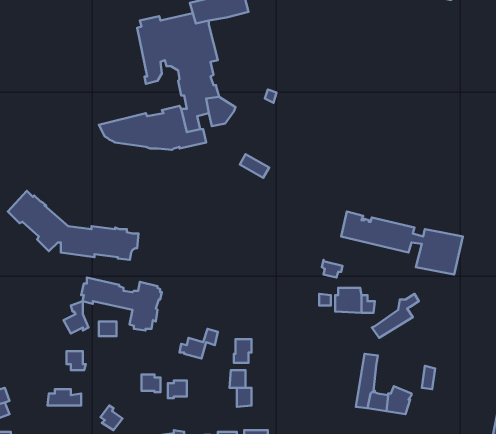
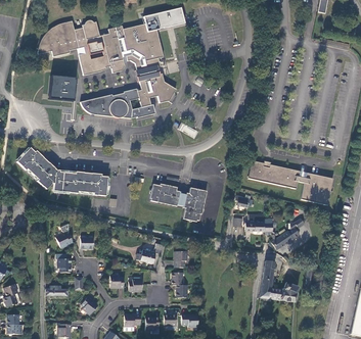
building: none -> [37,19,114,76]
building: none -> [49,76,76,101]
building: [81,278,162,330] -> [149,184,206,221]

